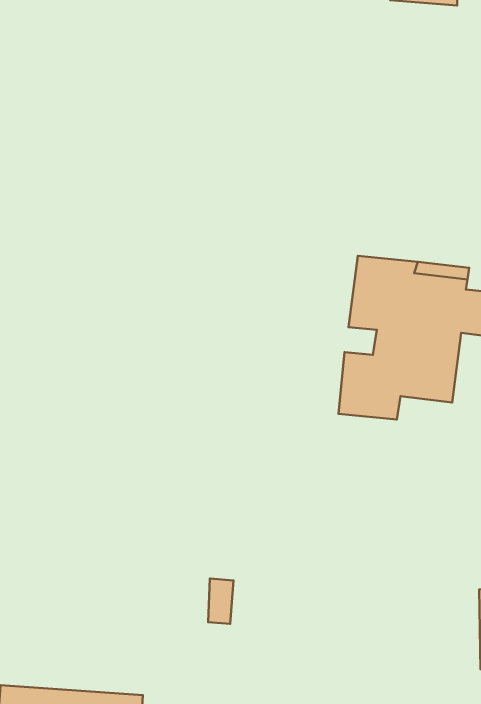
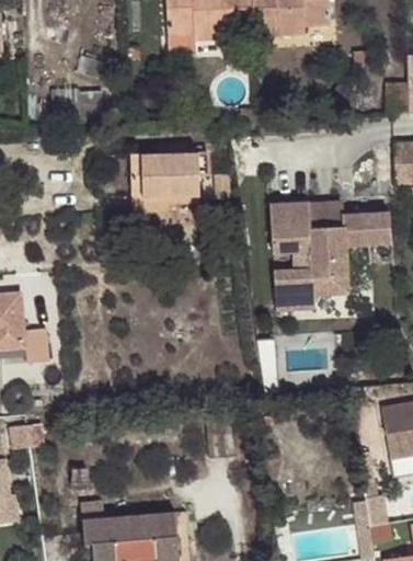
building: none -> [129,152,198,195]

